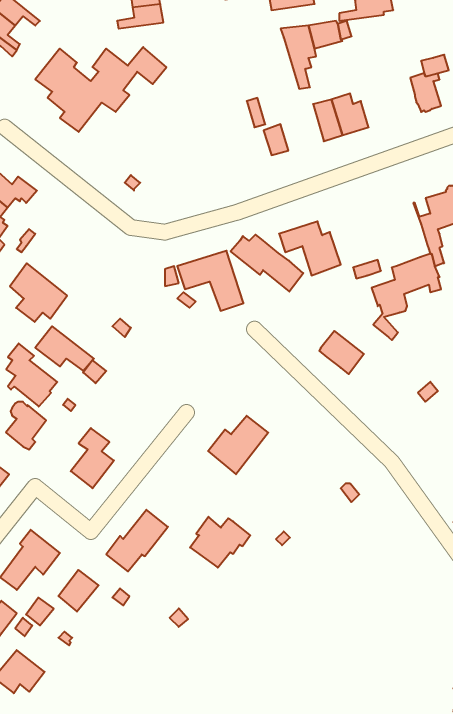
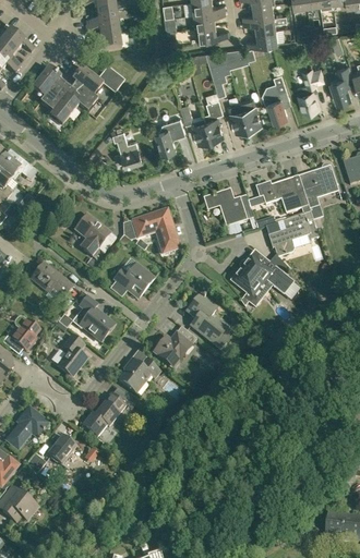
building: none -> [264,80,291,121]
building: none -> [205,97,225,137]
building: none -> [155,117,185,153]
building: none -> [113,129,143,165]
building: none -> [256,174,311,213]
building: [231,235,303,292] -> [243,253,295,293]
building: [10,263,67,322] -> [75,213,116,254]
building: none -> [113,262,155,298]
building: [6,343,57,407] -> [77,295,113,340]
building: none -> [187,292,233,348]
building: [190,517,250,568] -> [118,356,160,392]

